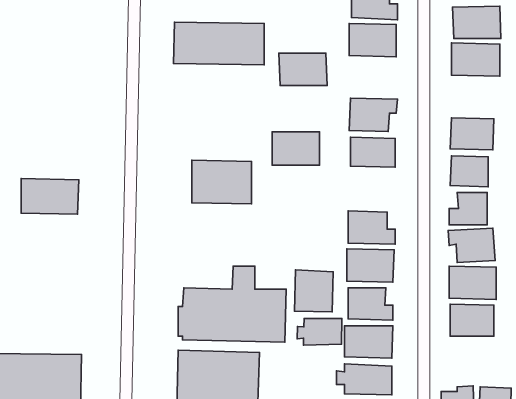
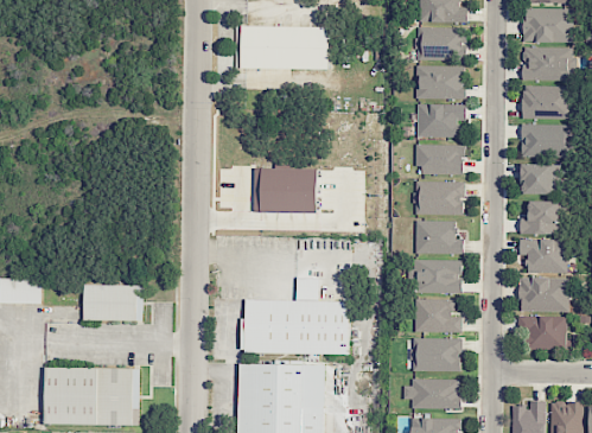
building: [279,53,327,85] -> [415,65,465,98]
building: none -> [522,85,569,119]
building: [272,132,319,165] -> [415,180,464,215]
building: [21,179,79,214] -> [84,284,144,320]
building: [295,270,333,312] -> none
building: [297,319,342,345] -> none

